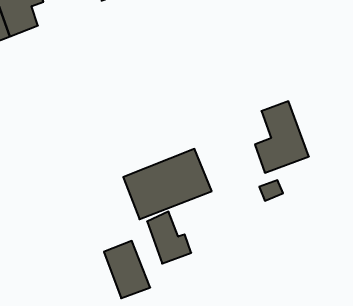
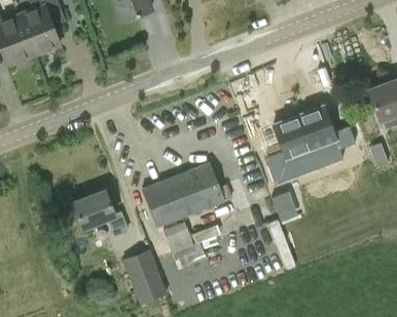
building: none -> [298,107,355,168]
building: none -> [73,190,129,237]

